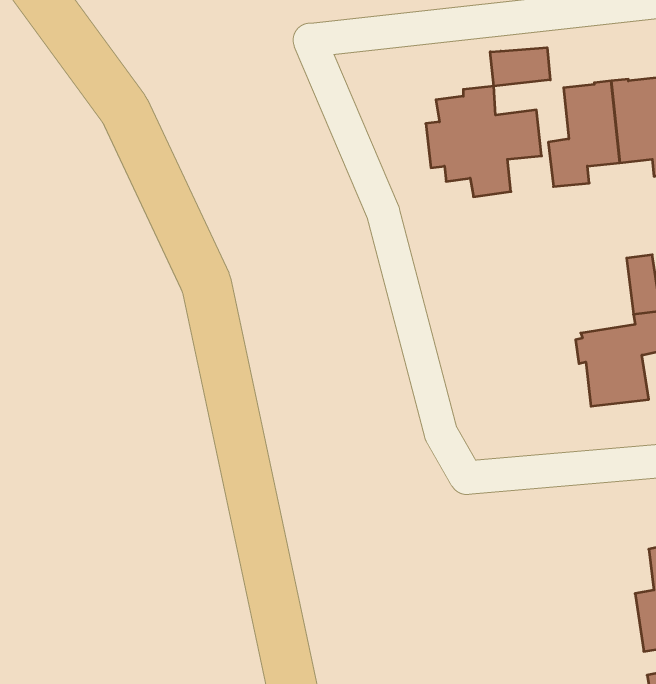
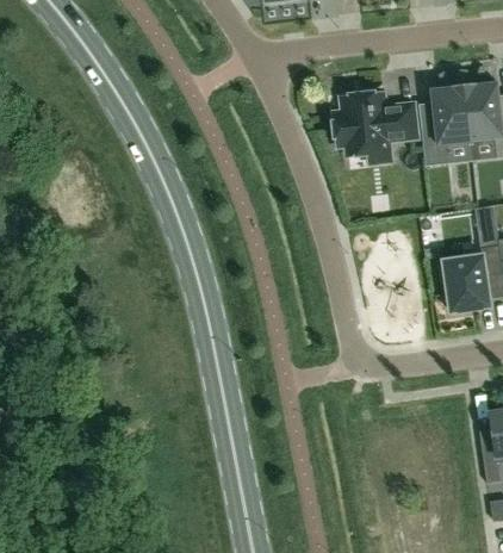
building: [490,48,550,86] -> none

